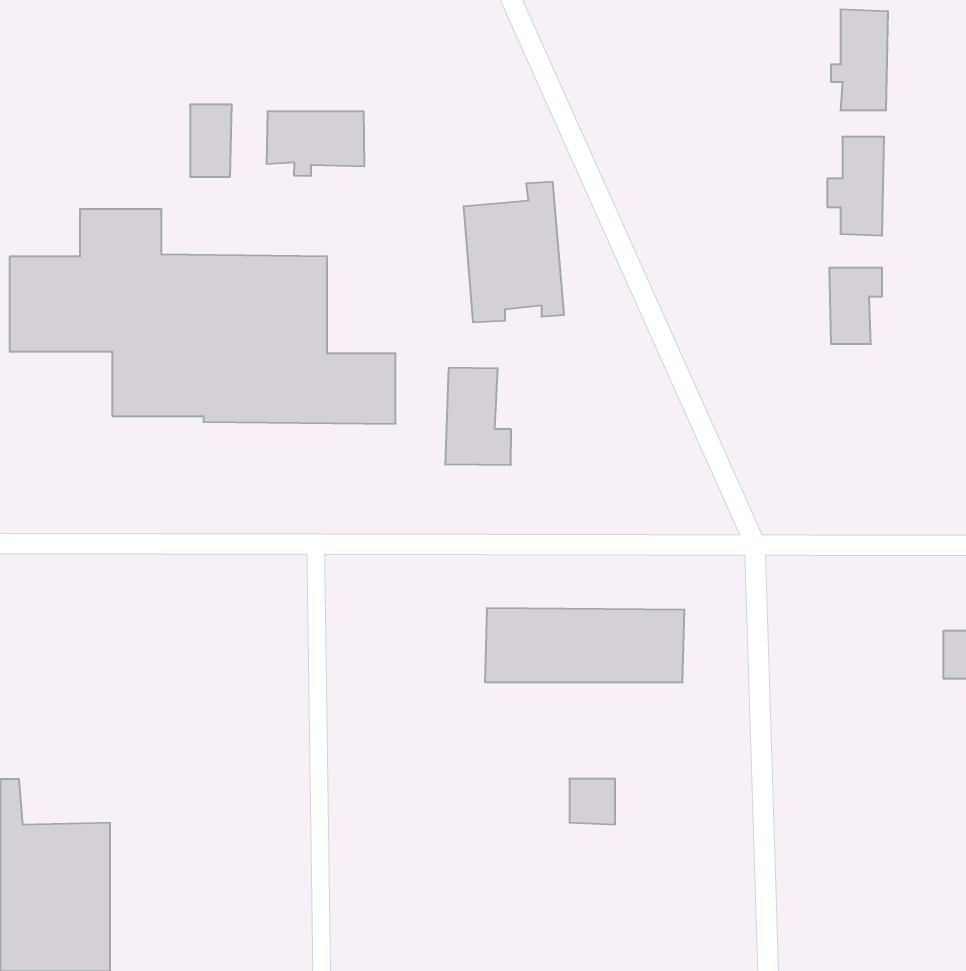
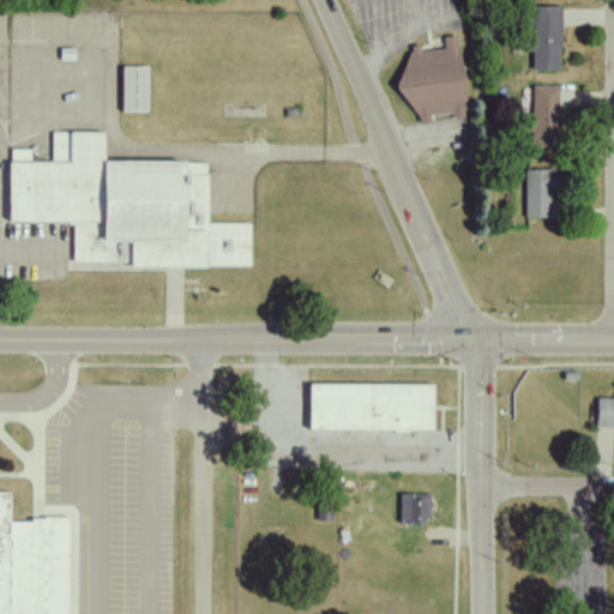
building: [267,111,364,176] -> none
building: [463,182,564,322] -> [405,35,469,124]
building: [445,368,511,465] -> none
building: [569,779,615,824] -> [403,494,432,523]

